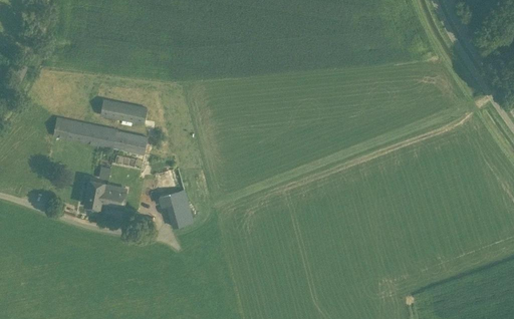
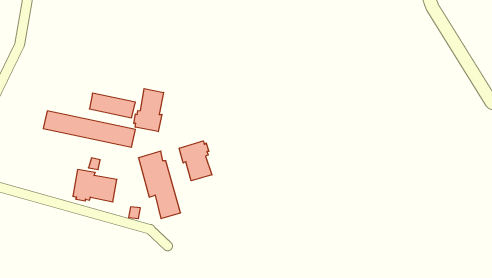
building: none -> [134,89,164,132]
building: none -> [179,141,212,181]

